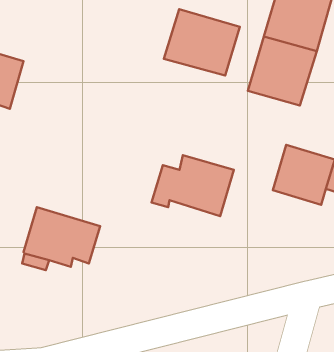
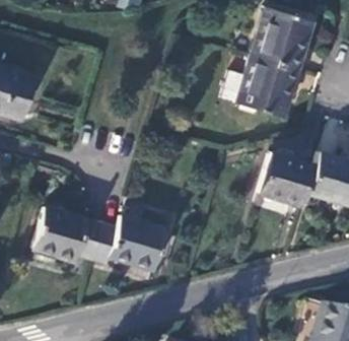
building: [164,9,240,76] -> none
building: [151,155,234,216] -> [93,215,167,270]

